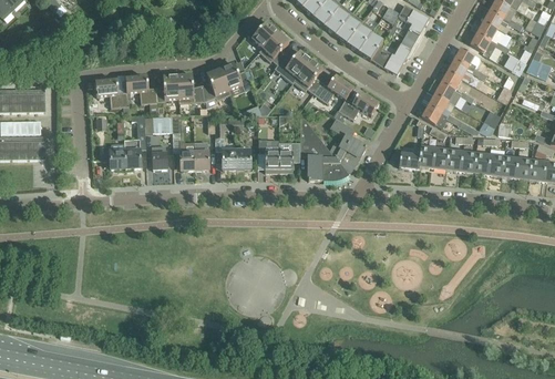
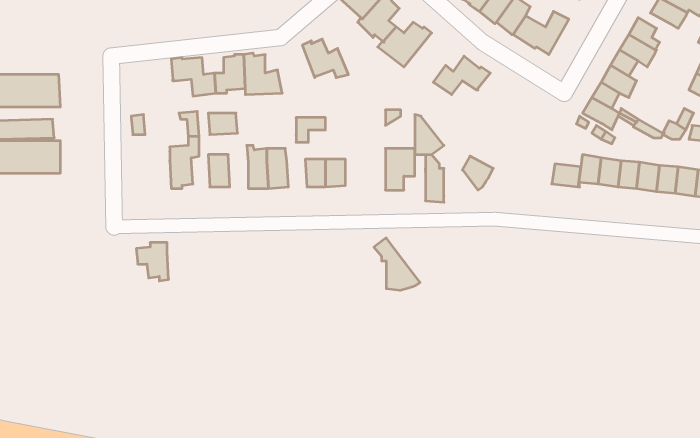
building: [294,59,322,94] -> none
building: [202,68,230,102] -> none
building: [95,80,129,109] -> none
building: [338,92,379,120] -> none
building: [330,119,367,158] -> none
building: [258,140,279,172] -> none
building: [312,140,346,177] -> [374,238,420,290]
building: [102,144,125,172] -> [136,243,169,281]

